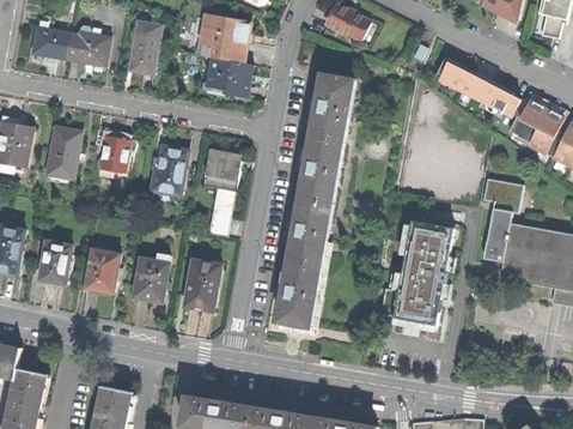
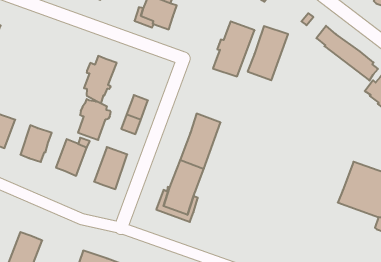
building: [45,126,81,181] -> none
building: [98,129,136,179] -> [78,99,111,140]
building: [299,135,342,203] -> [248,26,288,80]
building: [202,147,239,191] -> none
building: [481,179,520,261] -> none
building: [389,217,452,326] -> none

